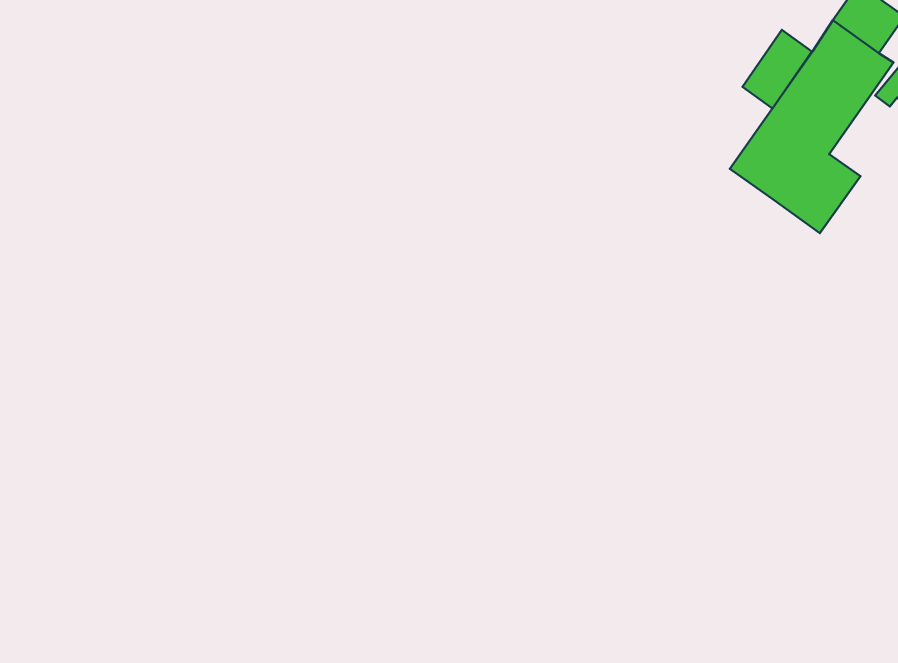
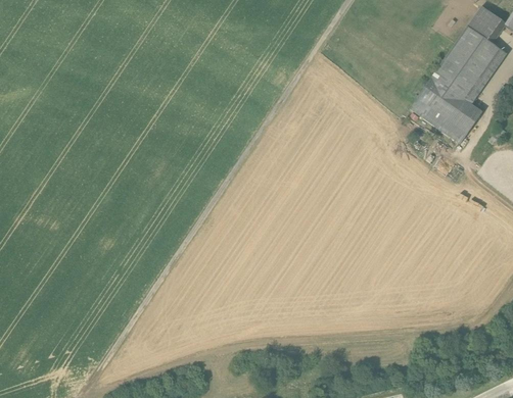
building: [743,30,812,108] -> none

